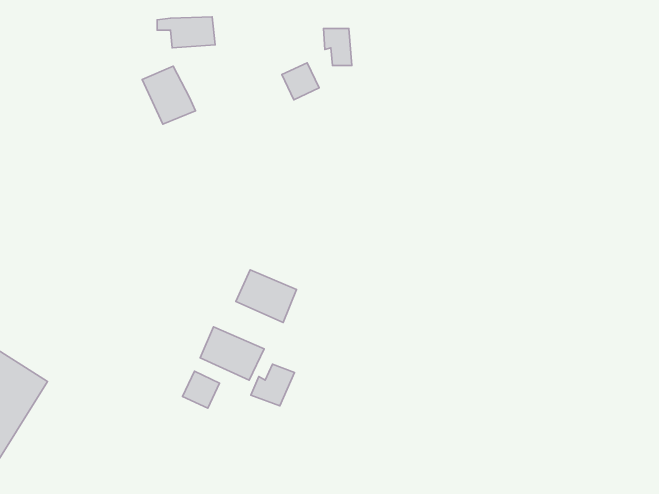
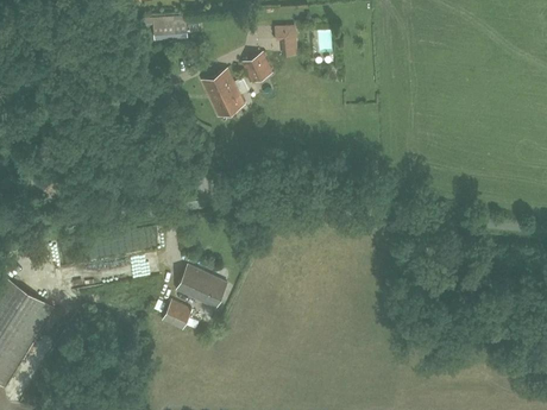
building: [142,66,196,124] -> [201,69,244,115]
building: [236,270,297,322] -> none
building: [251,364,295,406] -> none

